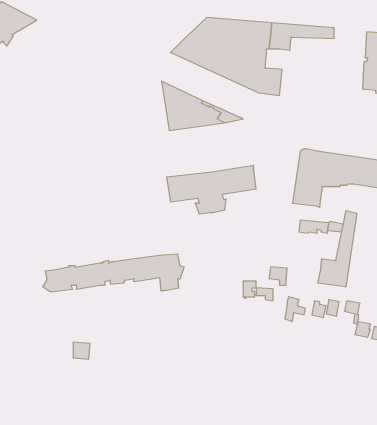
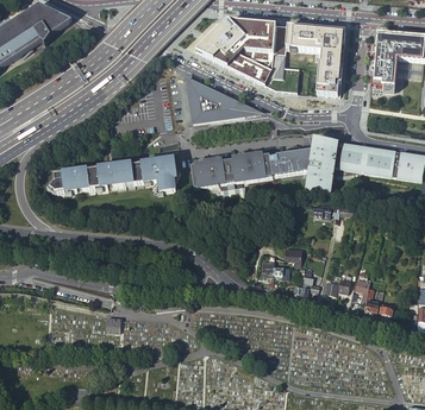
building: none -> [304,37,344,94]
building: none -> [270,150,312,177]
building: [318,211,357,287] -> none
building: [43,254,184,292] -> [50,158,180,193]

